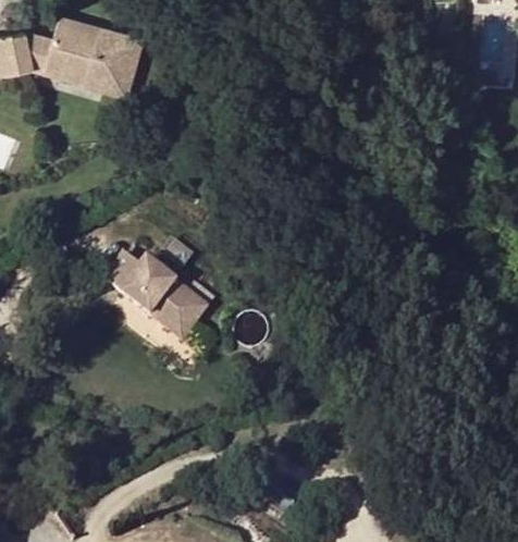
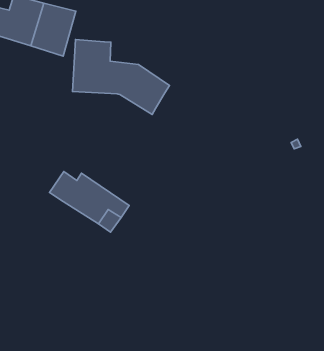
building: none -> [72,39,170,114]

